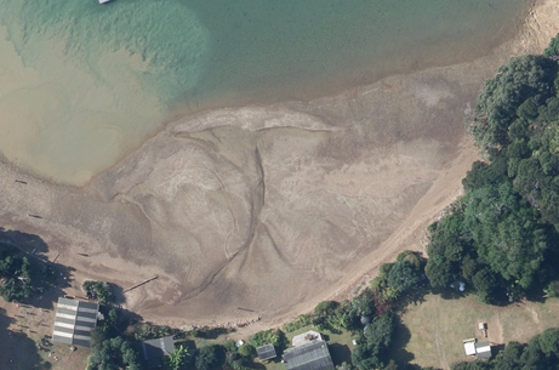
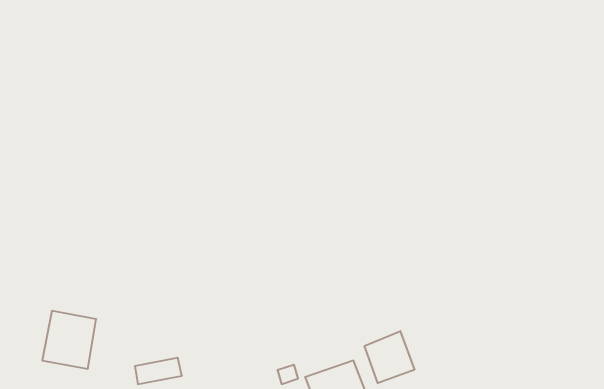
building: none -> [365,331,414,383]

